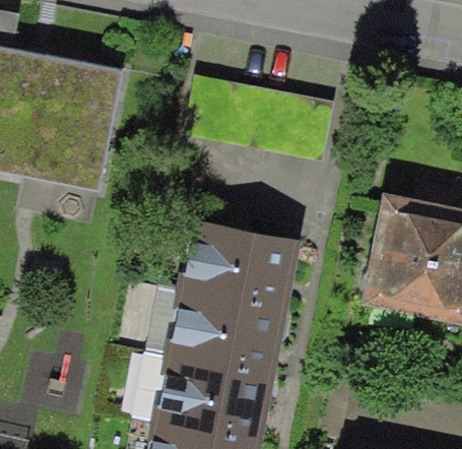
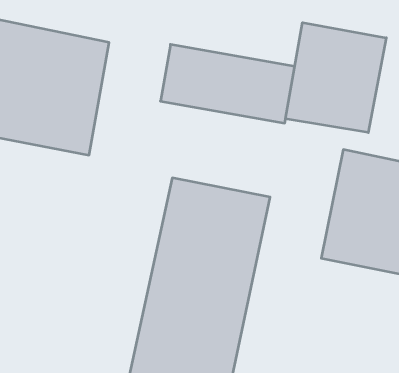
building: none -> [286,23,386,133]

